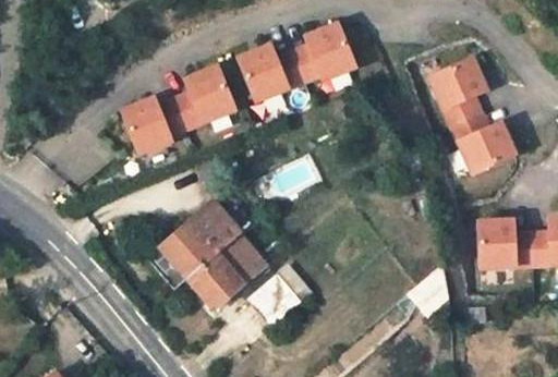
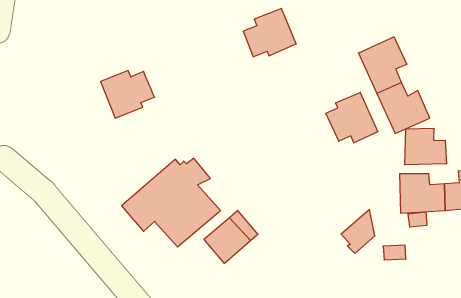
building: [239,45,304,101] -> none
building: [173,66,235,130] -> none
building: none -> [326,92,378,143]
building: none -> [405,128,447,165]

